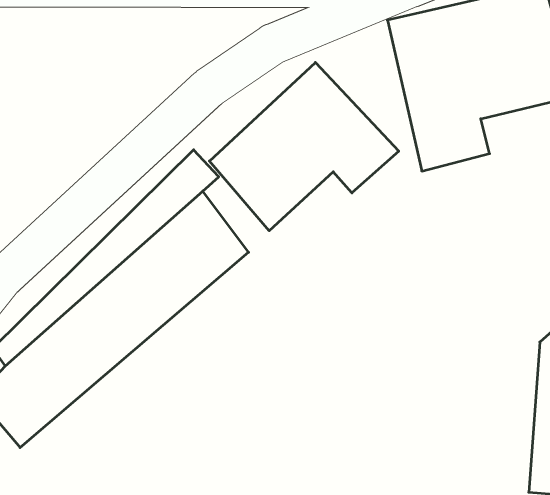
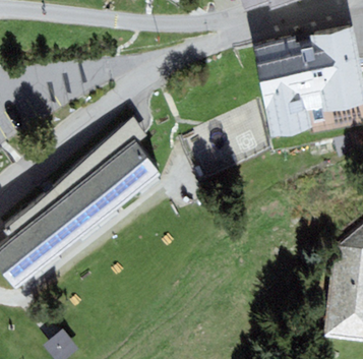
building: [209,62,399,231] -> none

